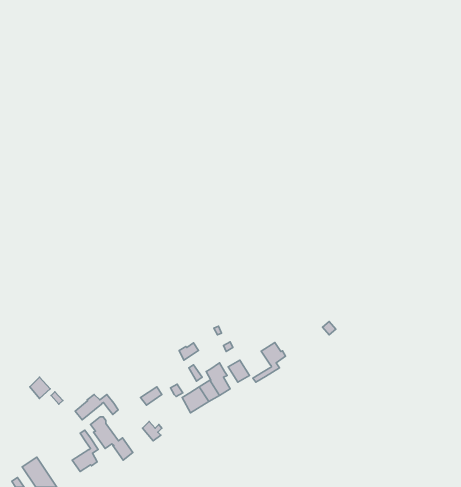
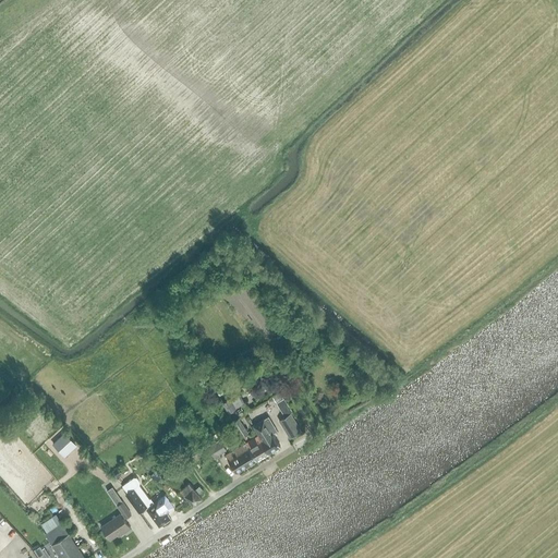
building: [253,342,286,382] -> none
building: [75,394,118,420] -> none

